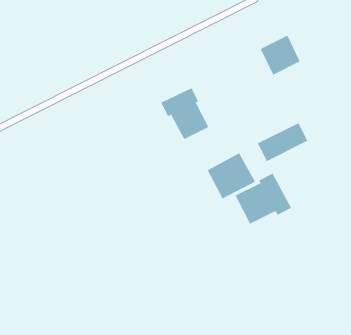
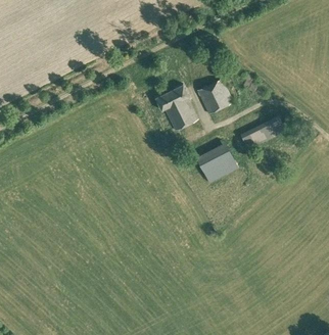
building: [260,35,301,76] -> [197,79,233,114]
building: [235,173,292,224] -> none

